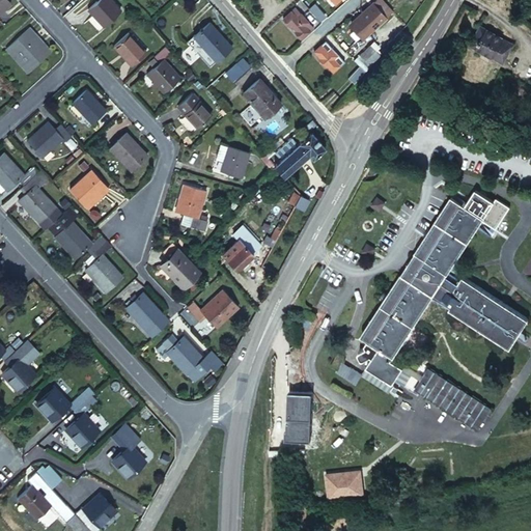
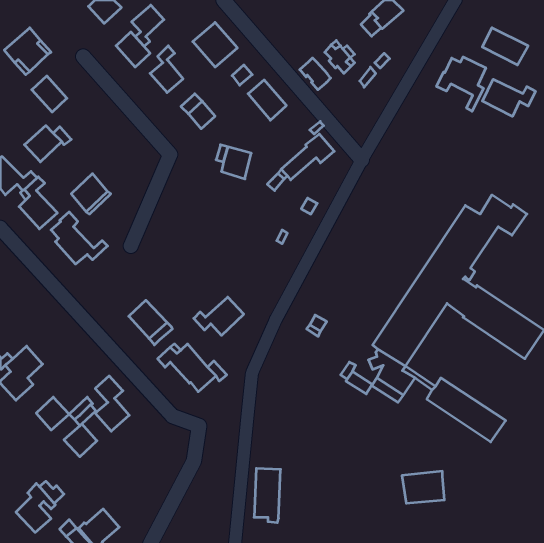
building: none -> [132,5,164,46]
building: [284,6,314,37] -> [300,58,331,90]
building: none -> [437,57,486,111]
building: none -> [482,79,535,116]
building: [74,88,108,123] -> [32,76,67,112]
building: [111,134,148,172] -> none
building: [173,184,205,227] -> none
building: [220,236,252,271] -> none
building: [84,241,121,291] -> none
building: [161,242,199,287] -> none
building: [287,392,313,445] -> [254,468,281,523]
building: [115,427,148,481] -> [95,376,129,431]
building: [322,468,363,499] -> [402,471,444,503]

